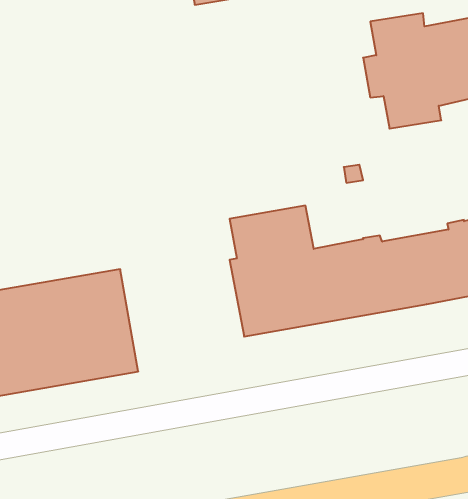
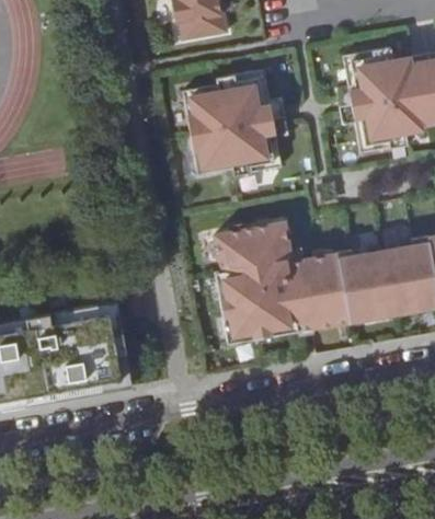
building: none -> [184,71,289,177]

